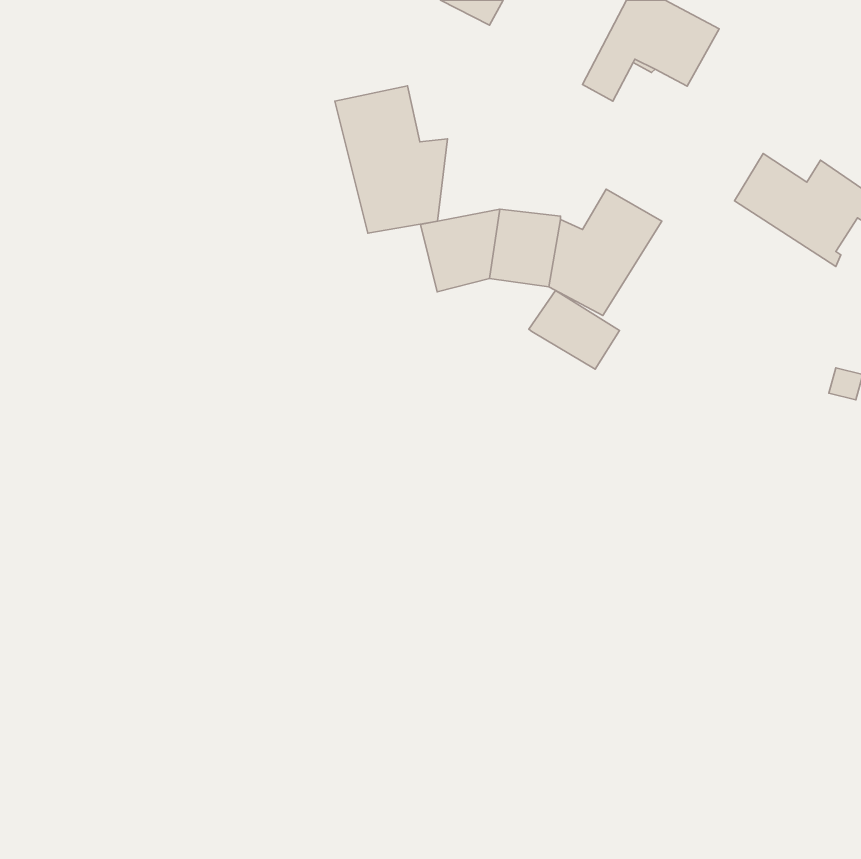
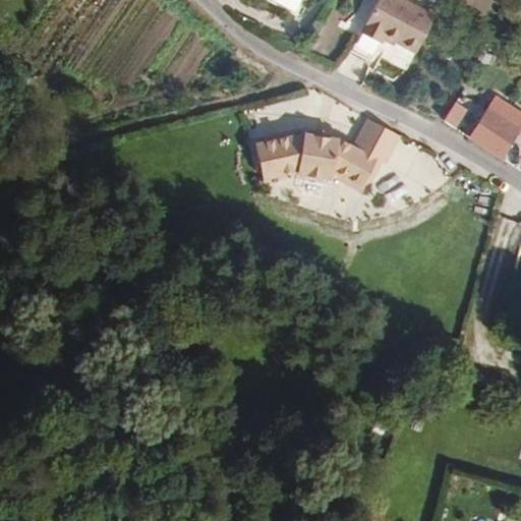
building: [335,86,448,233] -> none
building: [529,291,620,369] -> none

